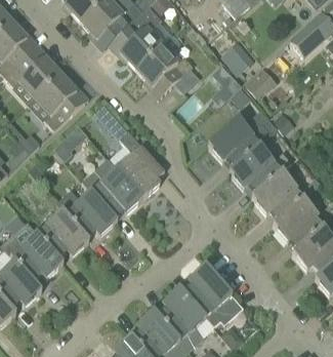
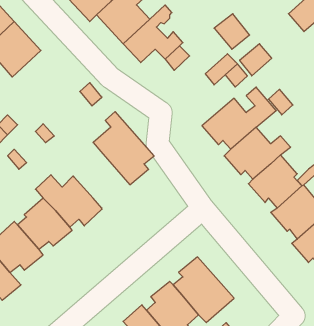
building: [34,74,86,130] -> none
building: [91,157,142,212] -> none

